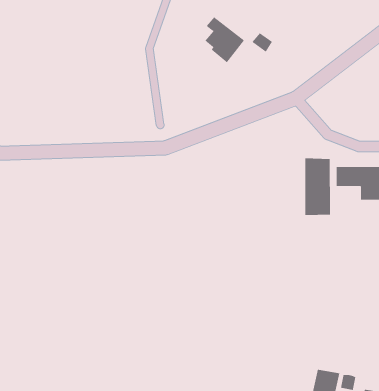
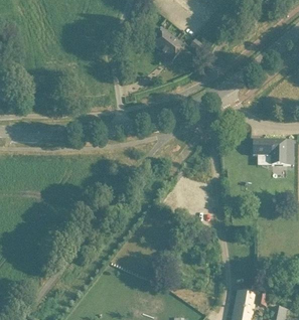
building: [305,157,330,216] -> none

